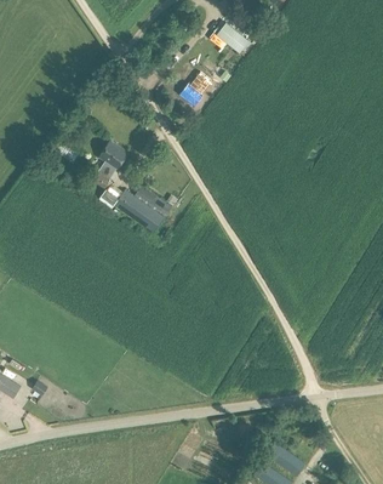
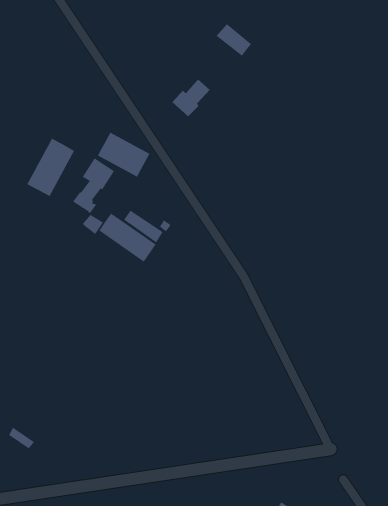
building: none -> [97,132,150,177]
building: none -> [27,138,75,197]

